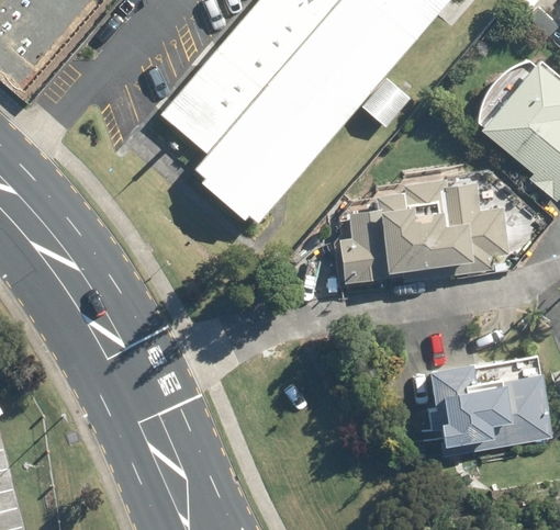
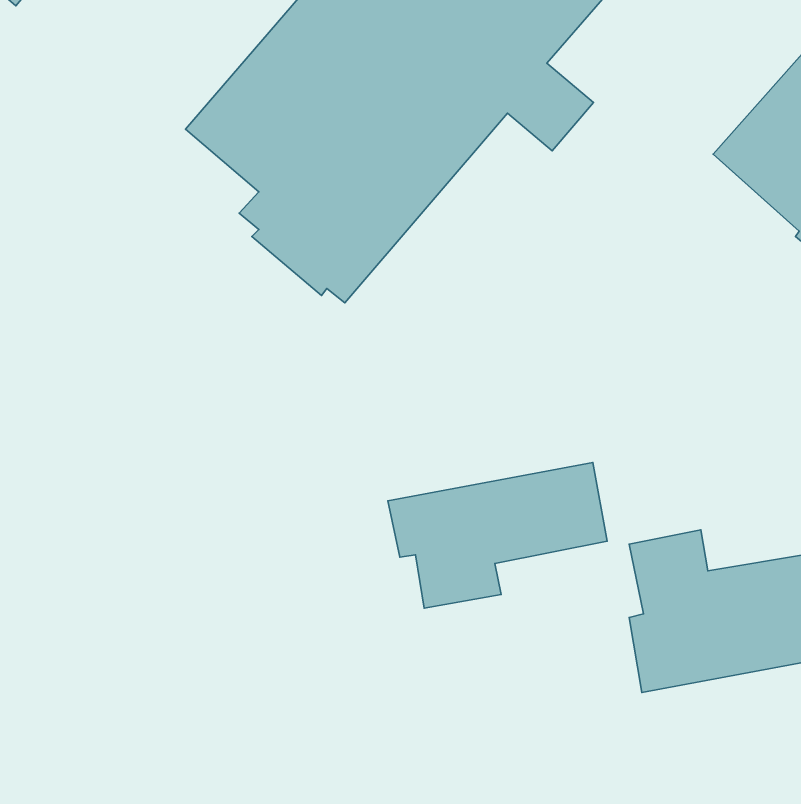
building: [341,178,513,283] -> none
building: none -> [388,463,607,608]

